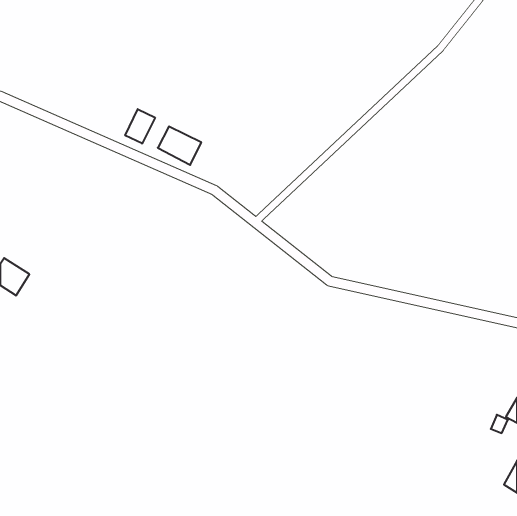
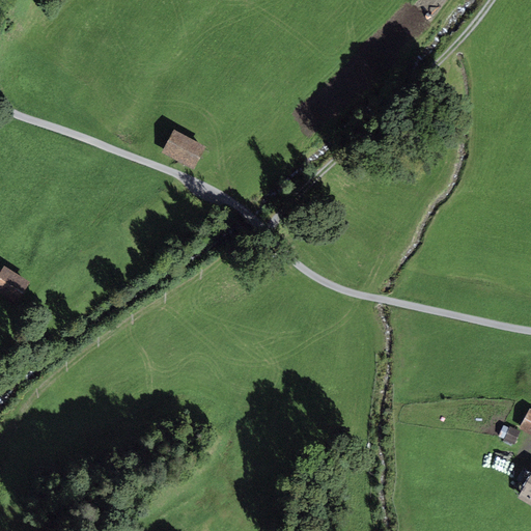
building: [125,109,155,144] -> none

